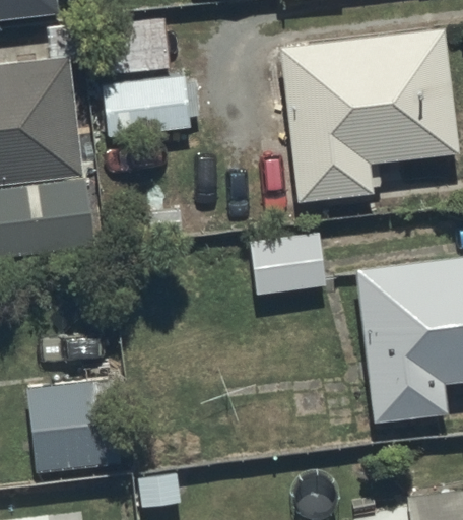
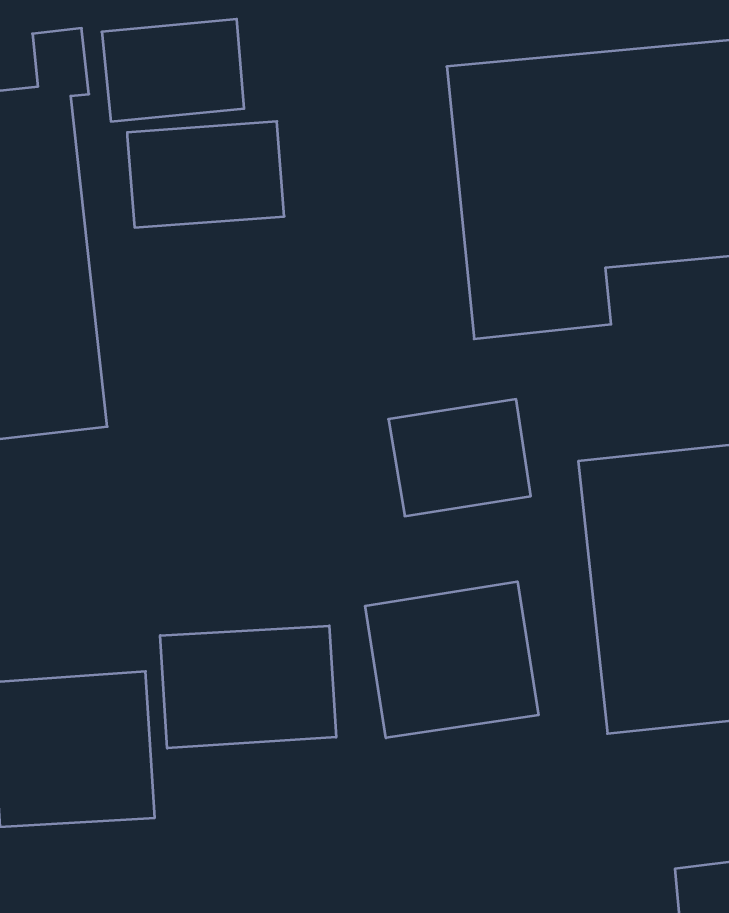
building: none -> [365,582,538,738]
building: none -> [160,626,336,748]

